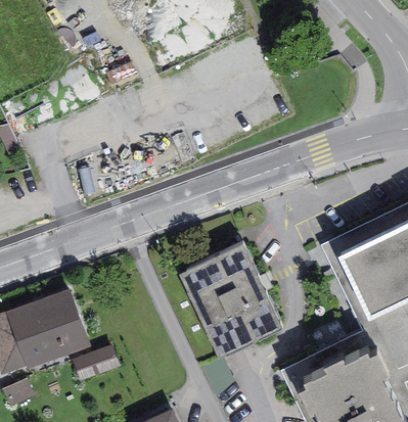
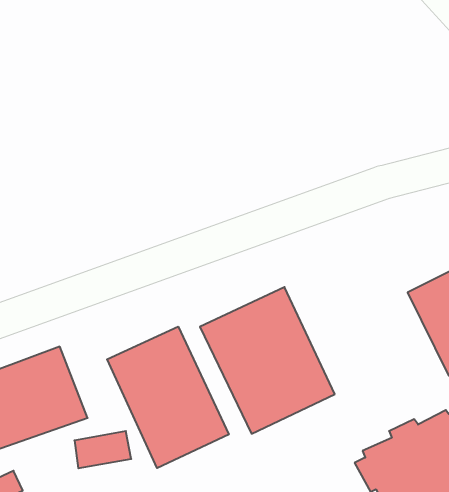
building: none -> [107,327,229,468]

